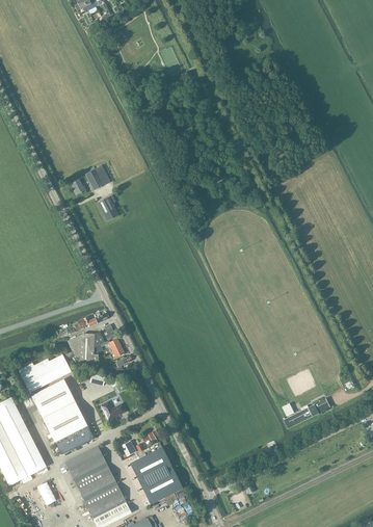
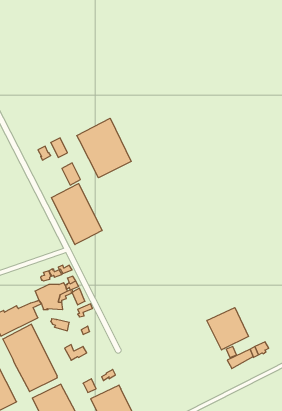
building: none -> [77,118,131,178]
building: none -> [51,184,102,245]
building: none -> [207,308,249,350]

